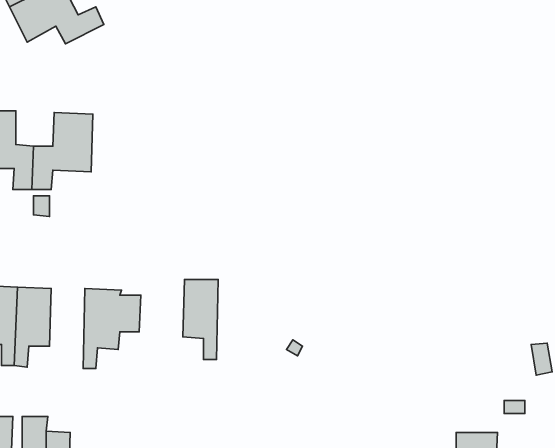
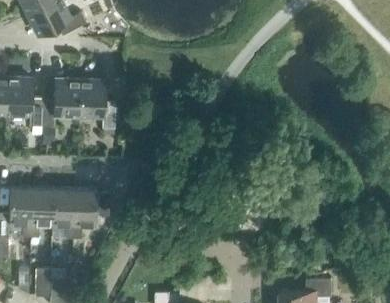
building: none -> [78,80,115,129]
building: [183,279,218,359] -> [52,189,74,239]

